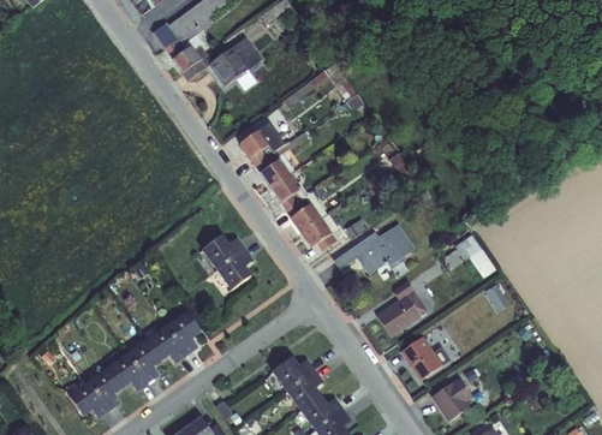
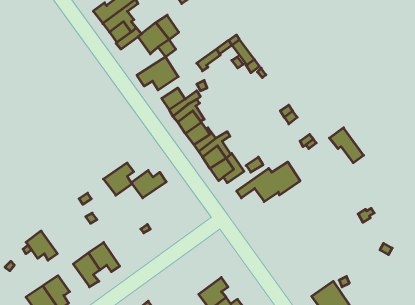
building: none -> [137,57,178,90]
building: [453,233,496,278] -> [329,128,364,163]
building: [215,249,254,290] -> [103,163,134,195]
building: [375,280,429,336] -> none
building: [166,311,201,356] -> none
building: [397,332,445,380] -> none
building: [108,353,148,391] -> [26,231,57,260]
building: [270,356,315,392] -> none

